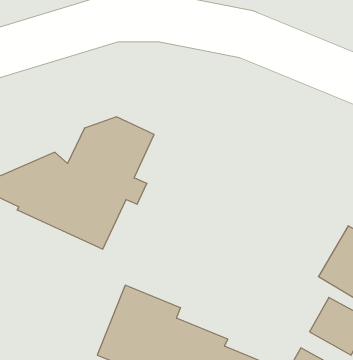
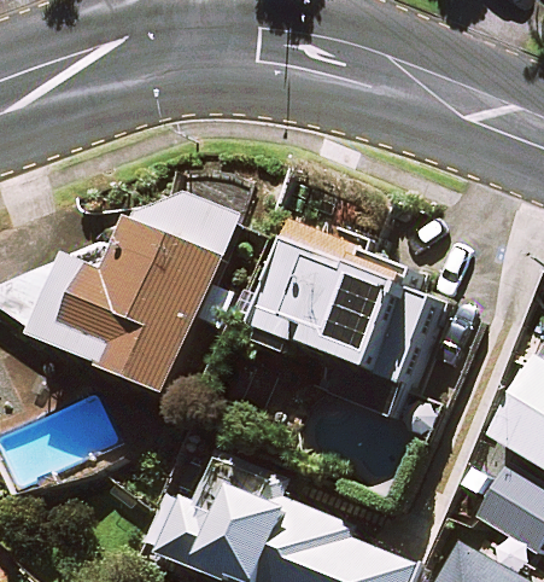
building: none -> [252,221,435,383]

